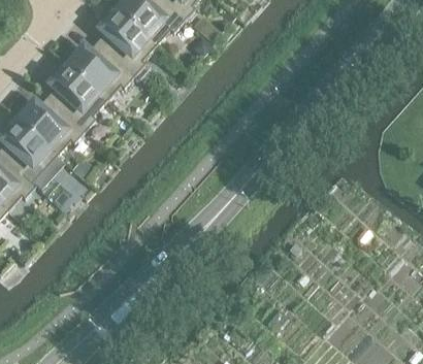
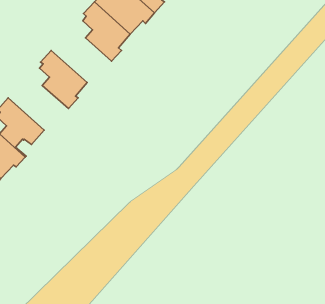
building: [65,44,134,98] -> none
building: [15,100,85,153] -> none

